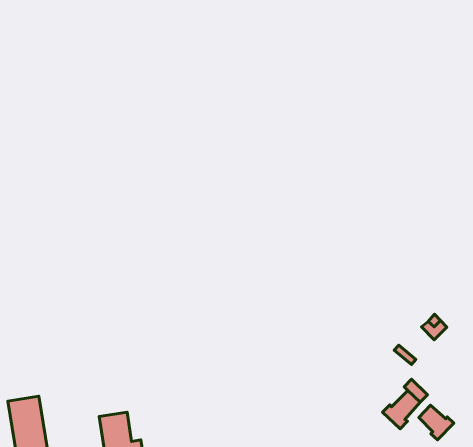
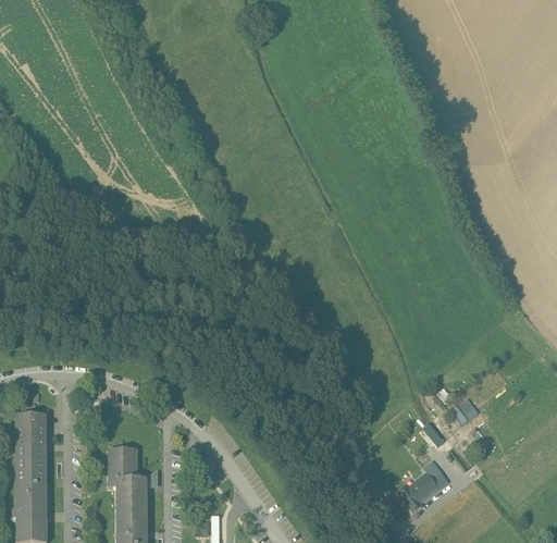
building: [419,405,454,440] -> none

